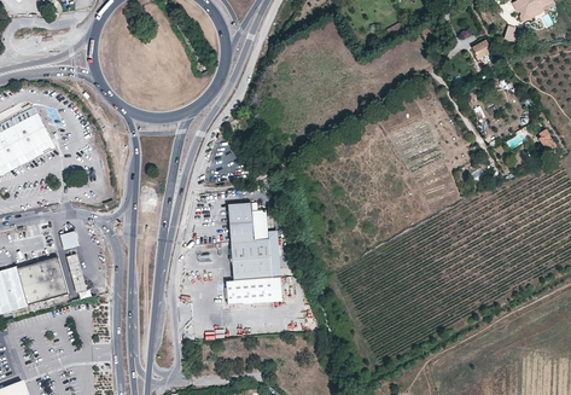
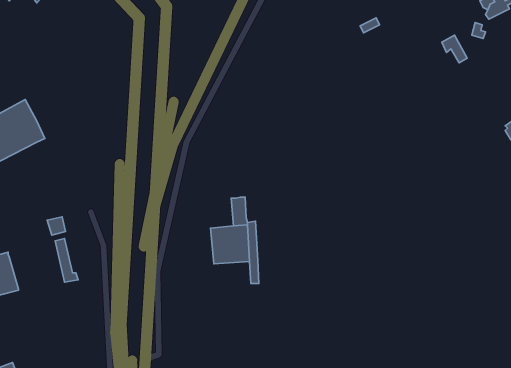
building: [227,202,254,242] -> none
building: [17,257,69,306] -> none
building: [225,277,272,303] -> none

